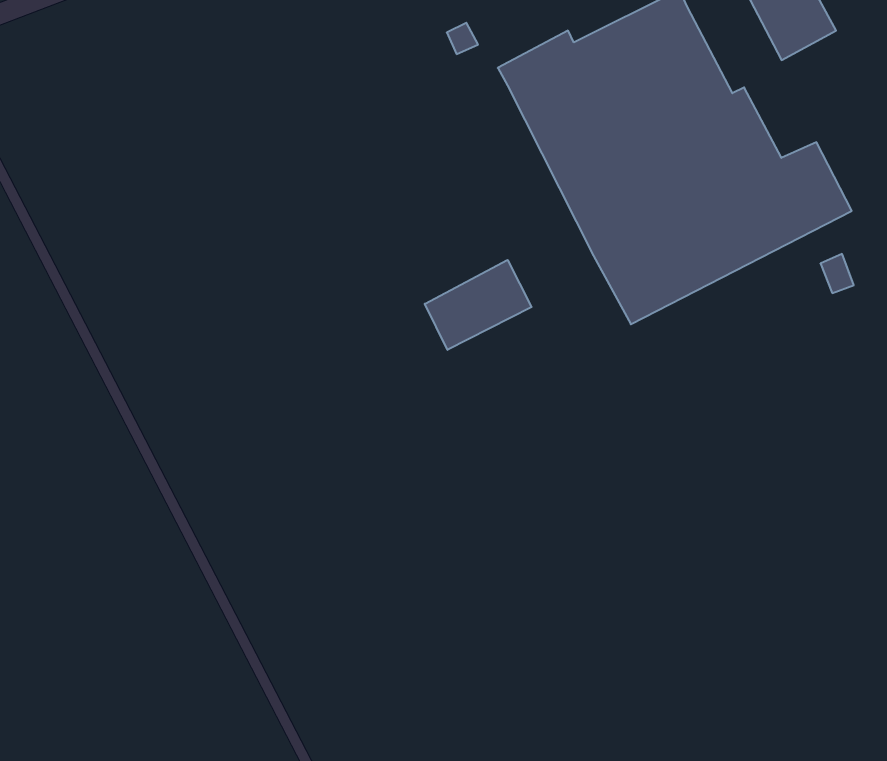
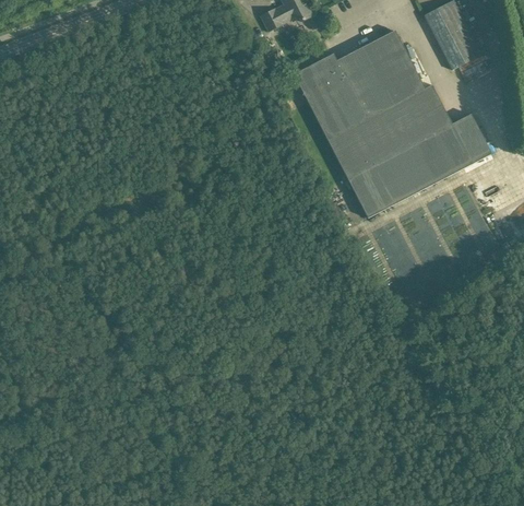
building: [425,260,532,350] -> none

